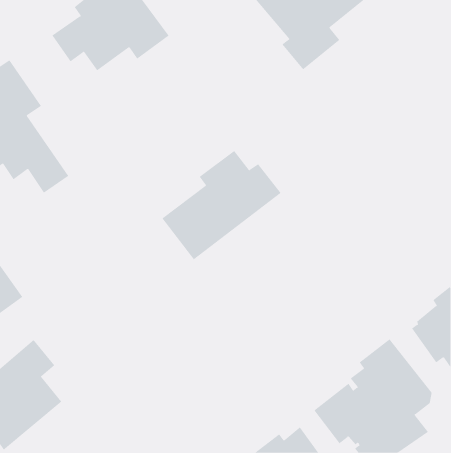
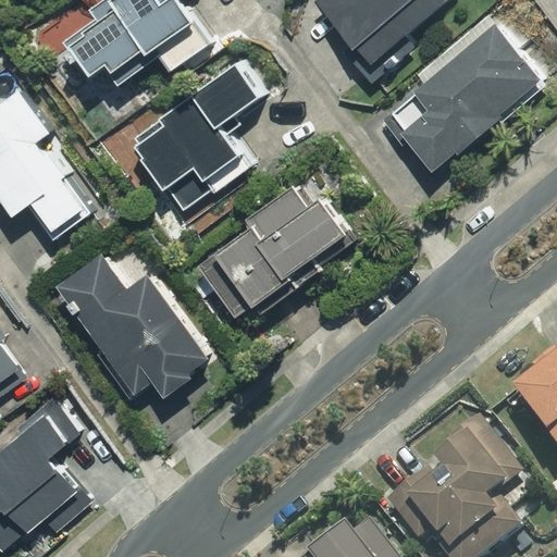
building: none -> [377,21,541,180]
building: none -> [140,57,269,206]
building: none -> [55,246,218,398]

